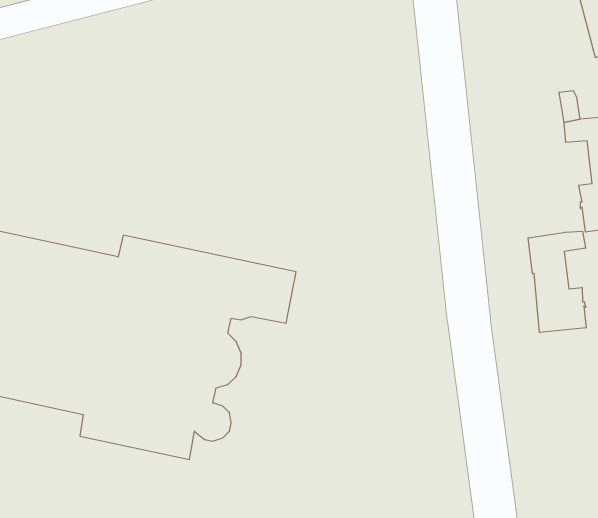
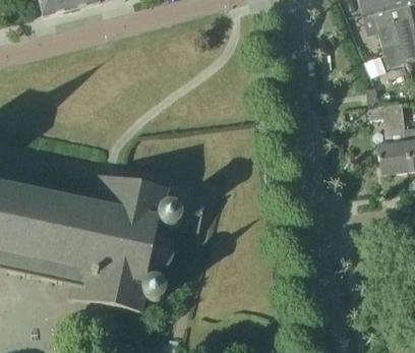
building: [528,231,586,333] -> none

